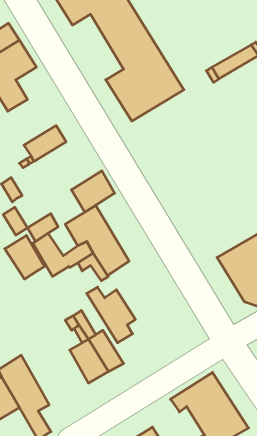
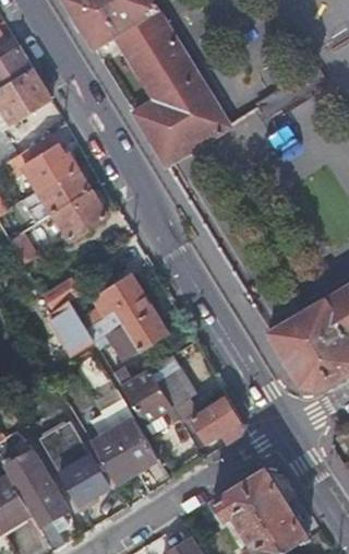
building: none -> [20,148,74,195]
building: [71,171,115,212] -> [49,190,101,240]
building: [5,235,45,279] -> none
building: none -> [147,357,191,406]
building: none -> [191,400,241,446]
building: none -> [41,428,107,511]

